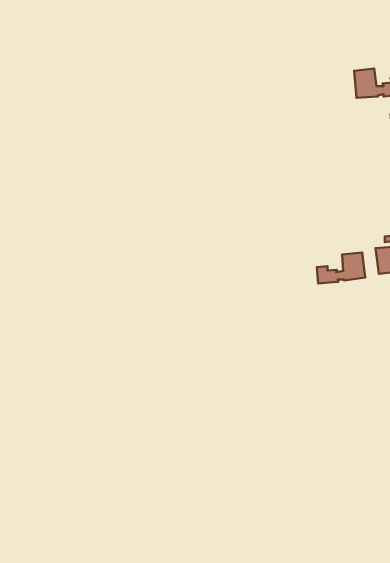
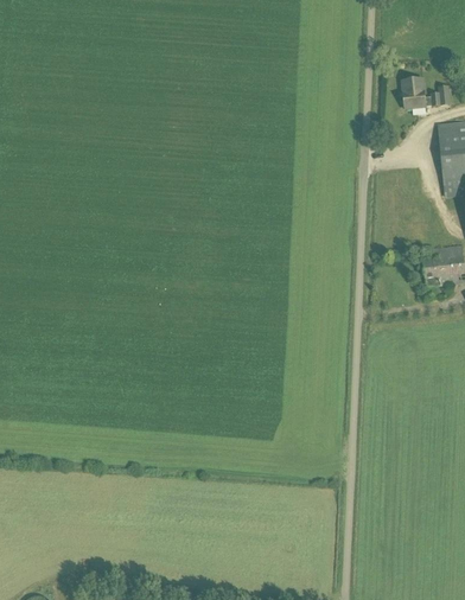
building: [317,253,365,284] -> none

